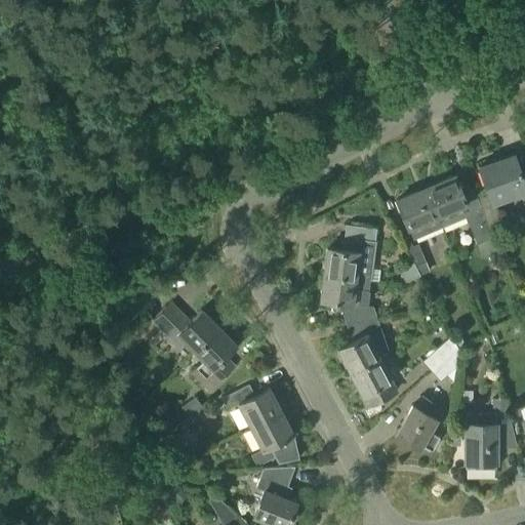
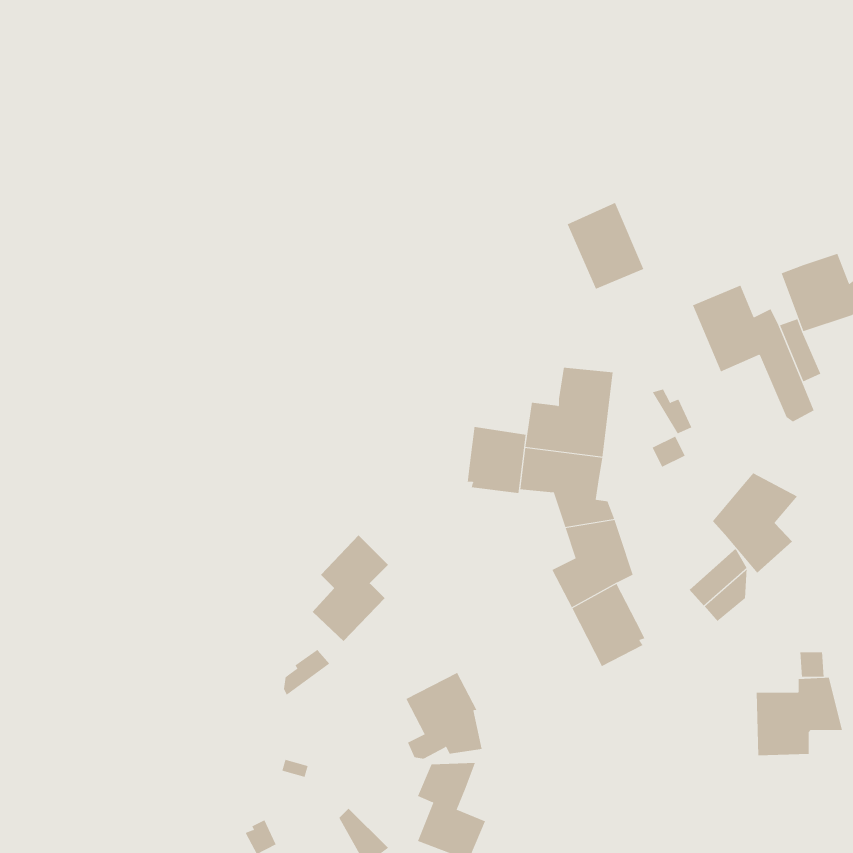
building: [396,189,443,242] -> [567,202,644,289]
building: none -> [467,426,526,494]
building: none -> [712,472,798,573]
building: [154,305,221,354] -> none
building: [221,388,282,430] -> none
building: [399,399,440,450] -> none

